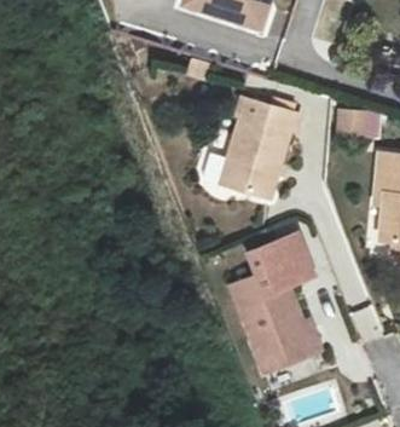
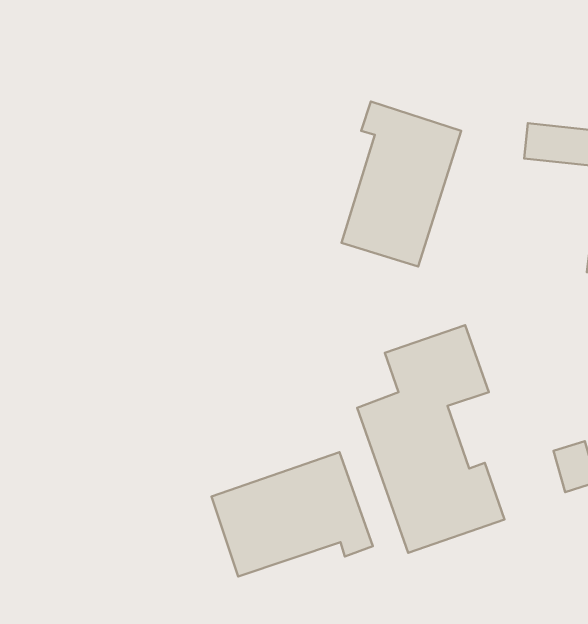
building: none -> [211,452,373,576]

